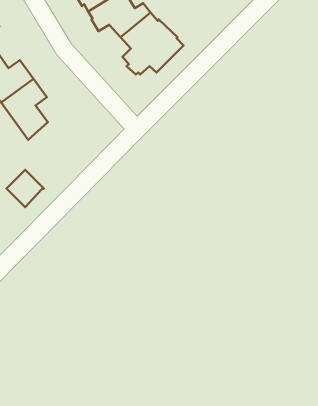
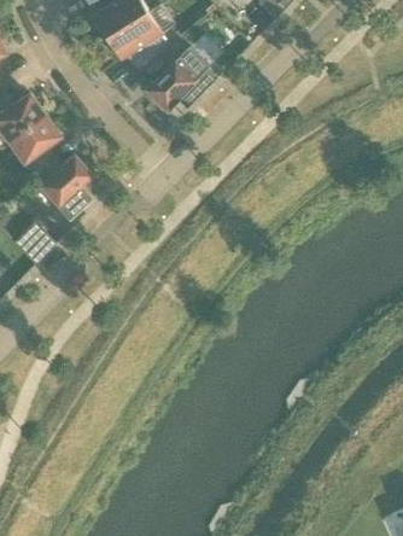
building: none -> [36,152,89,216]

